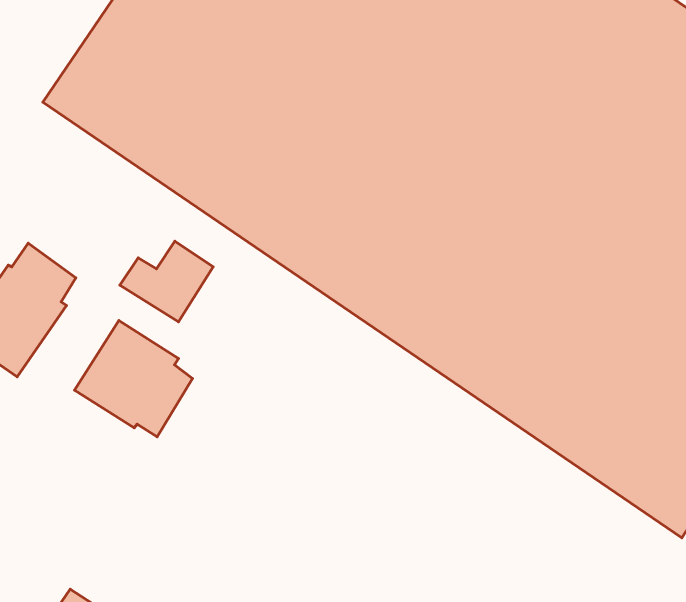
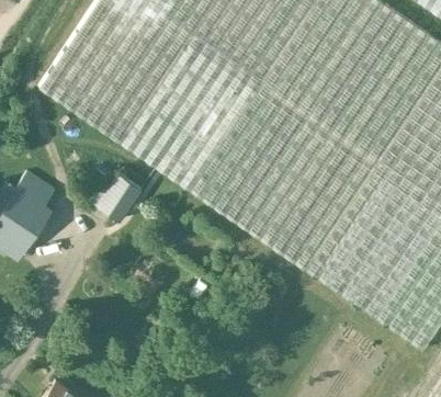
building: [75,321,193,437] -> none

